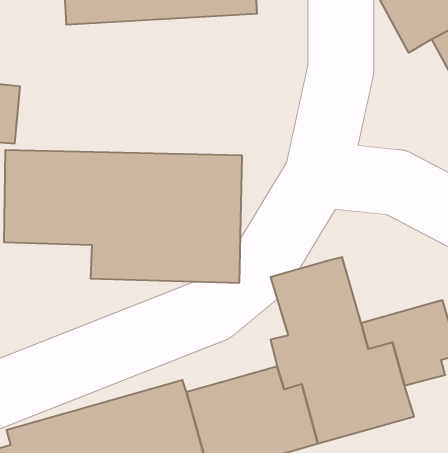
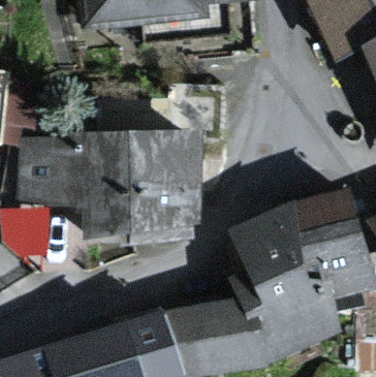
building: none -> [283,194,359,262]

